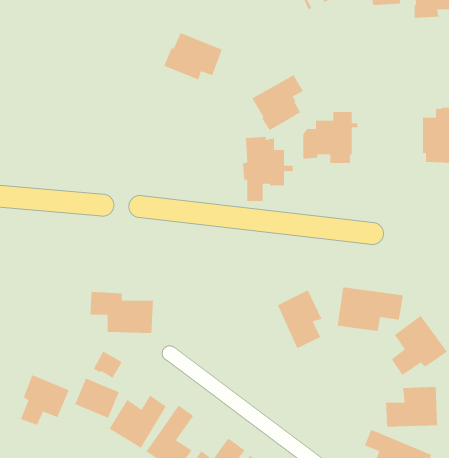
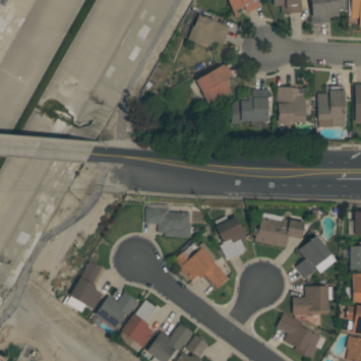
building: [163,32,223,81] -> [188,14,231,49]
building: [242,136,294,202] -> [276,86,312,133]
building: [90,291,154,334] -> [145,206,191,237]
building: none -> [174,248,229,290]
building: [20,374,70,426] -> none

